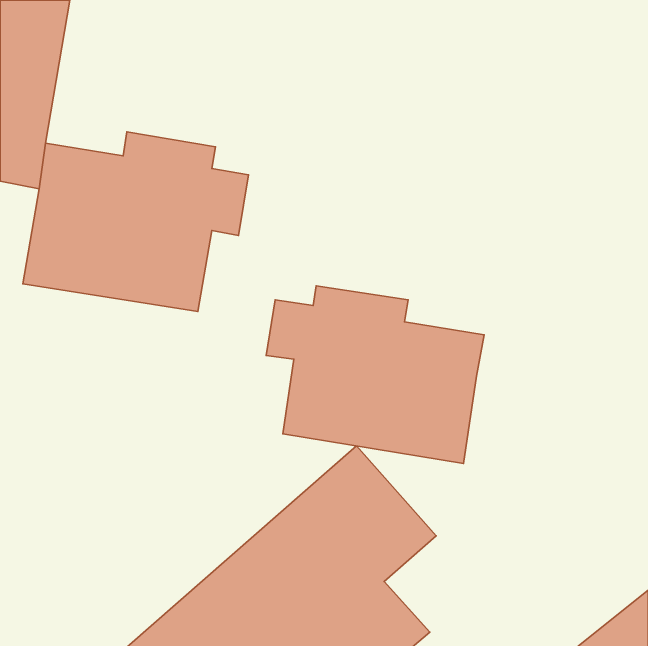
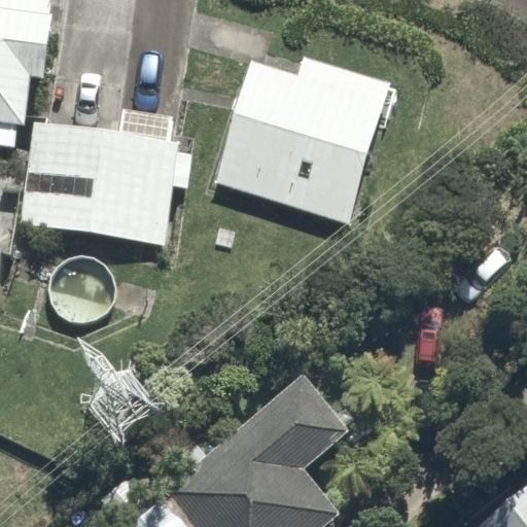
building: none -> [211,57,383,224]
building: [266,286,484,463] -> none

